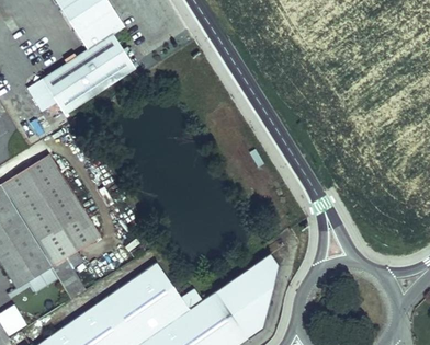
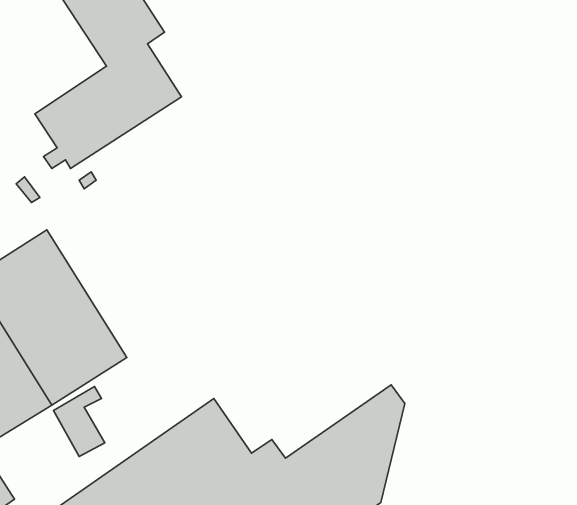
building: [26,79,55,110] -> none

